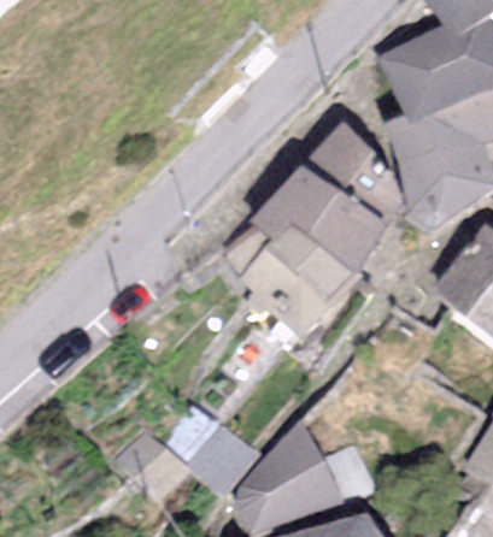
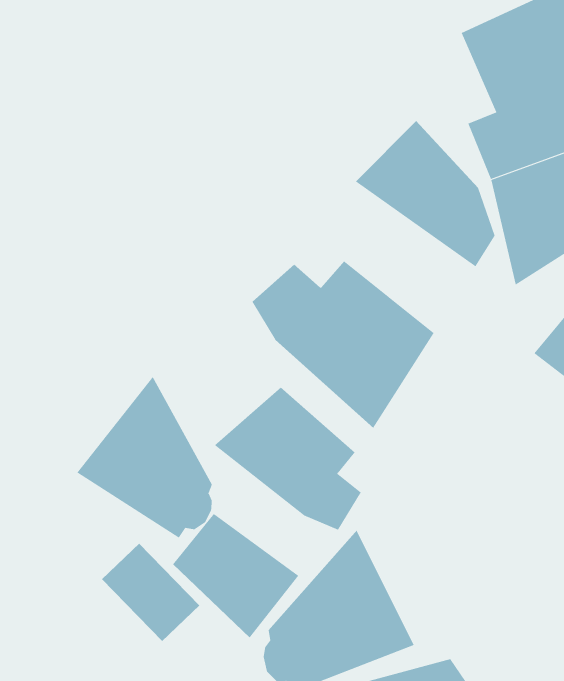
building: [250,164,388,275] -> none
building: none -> [76,376,213,538]
building: none -> [214,386,361,531]

